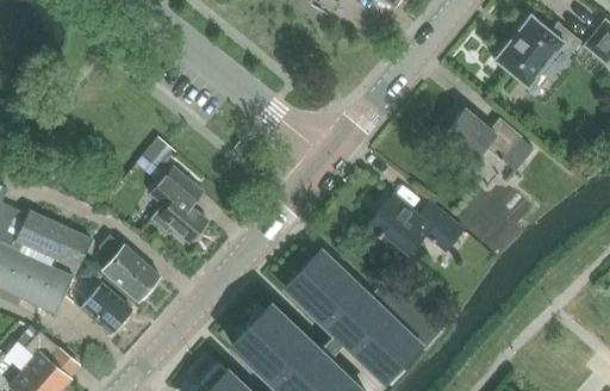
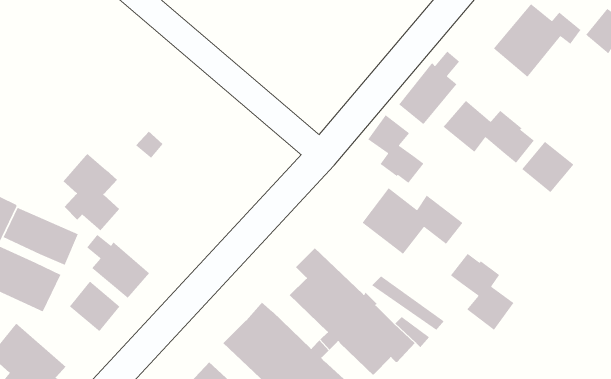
building: none -> [398,51,460,125]
building: none -> [367,114,424,184]
building: none -> [521,141,574,193]
building: [150,166,206,242] -> [62,153,120,231]
building: none -> [450,253,514,331]

